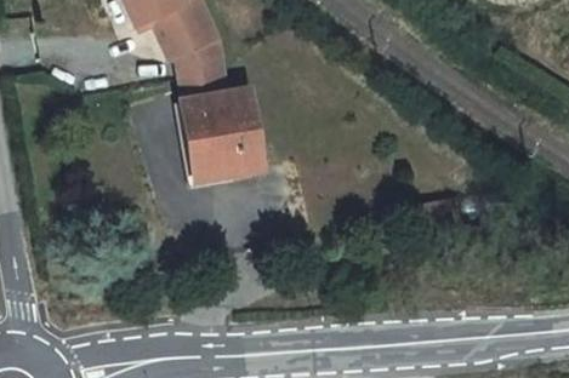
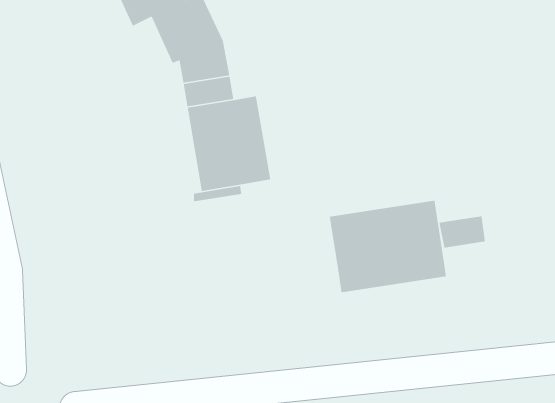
building: none -> [329,200,447,293]

